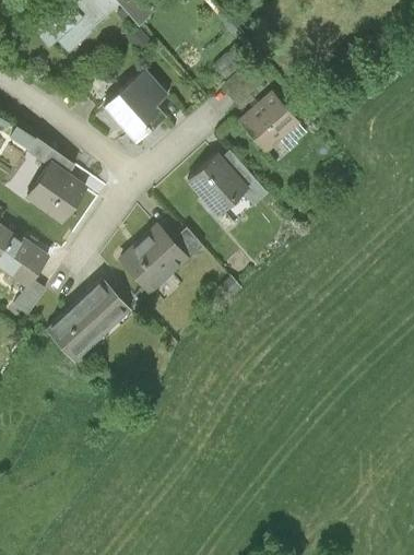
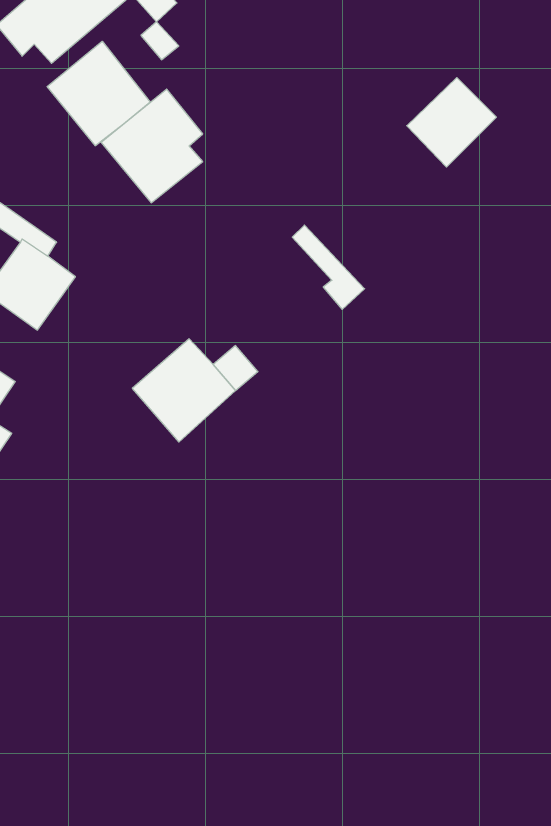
building: none -> [47,41,150,146]
building: [241,96,298,153] -> [407,78,496,167]
building: [189,157,248,216] -> none
building: [47,280,128,358] -> none

